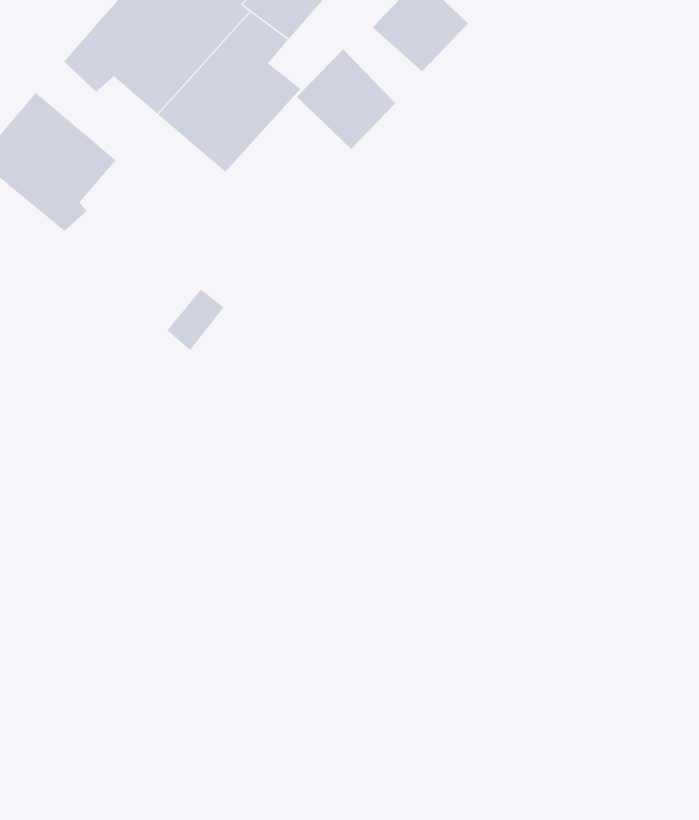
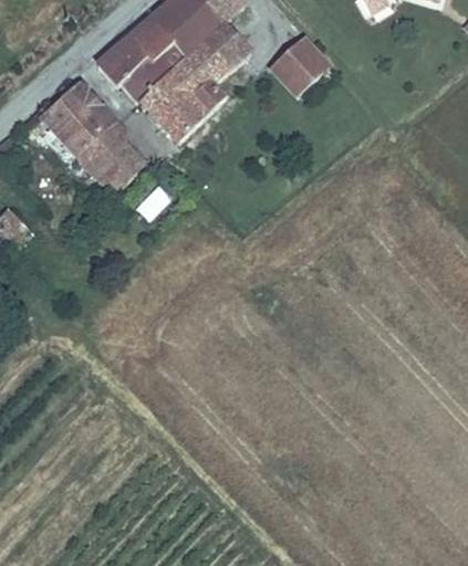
building: [296,49,396,150] -> none
building: none -> [80,120,146,196]

